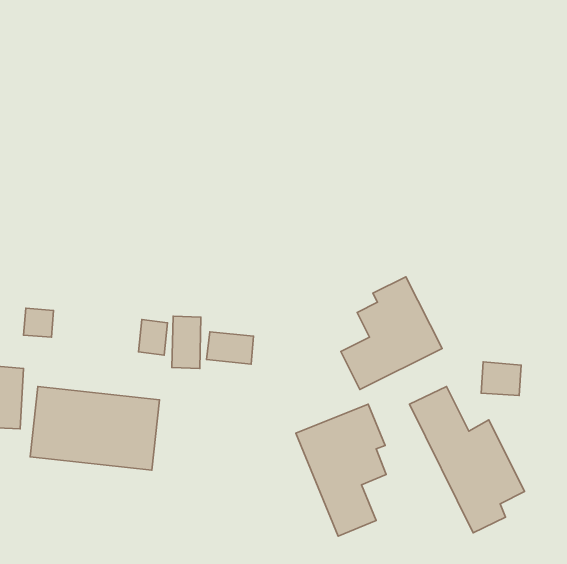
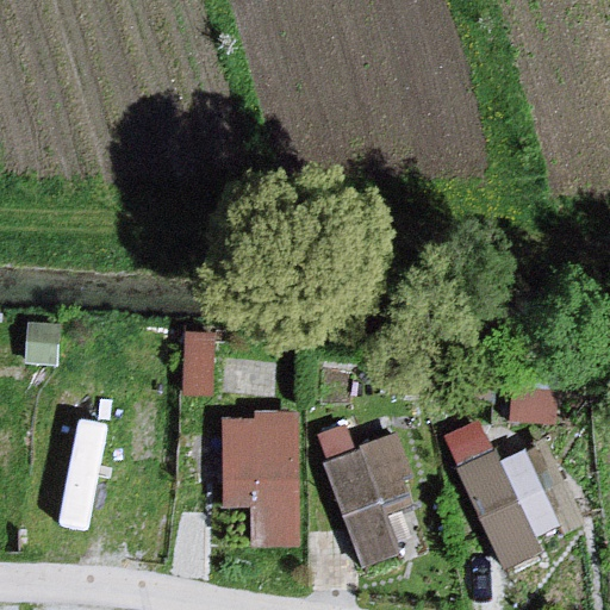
building: [341,277,442,389] -> none
building: none -> [222,410,305,548]

